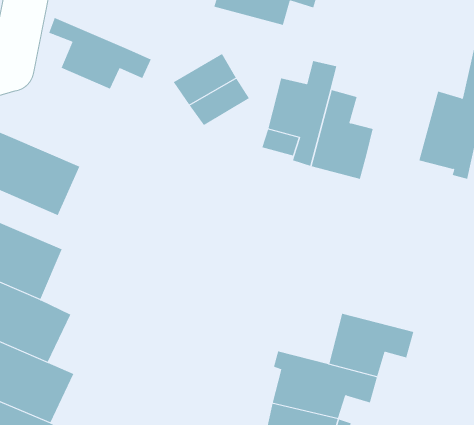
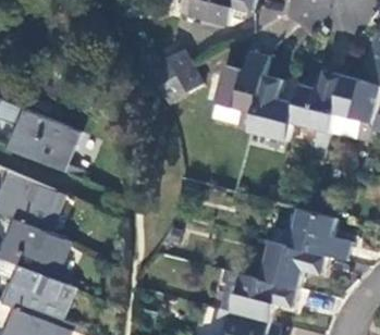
building: [49,17,152,89] -> none
building: none -> [293,71,345,147]
building: none -> [273,210,352,260]

